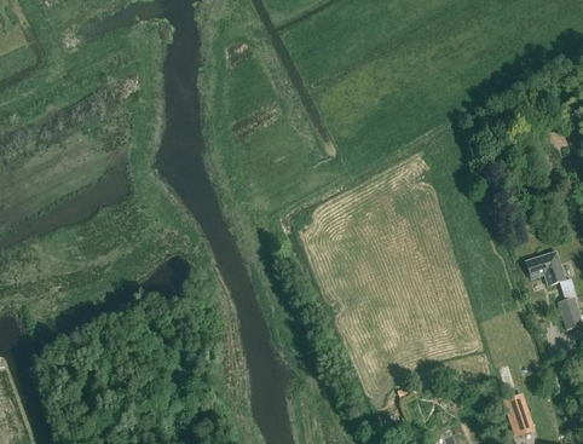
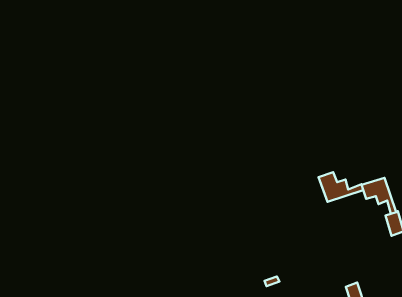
building: none -> [319,172,363,202]

